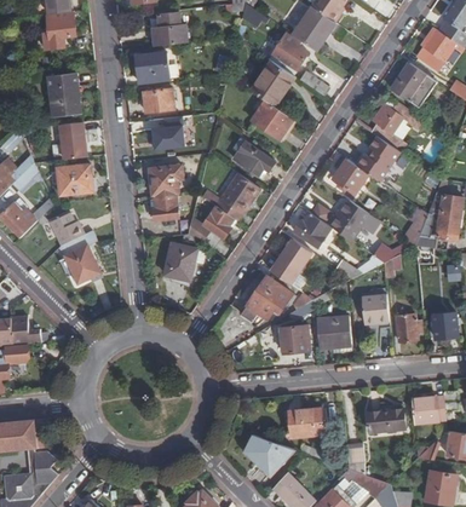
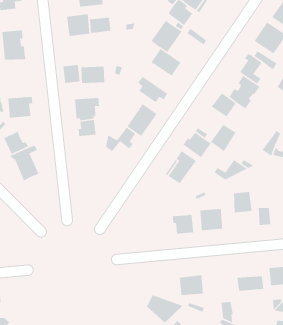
building: [144,88,174,111] -> [89,17,111,34]
building: [61,121,86,159] -> none
building: [165,244,197,281] -> none
building: [241,277,297,327] -> none

